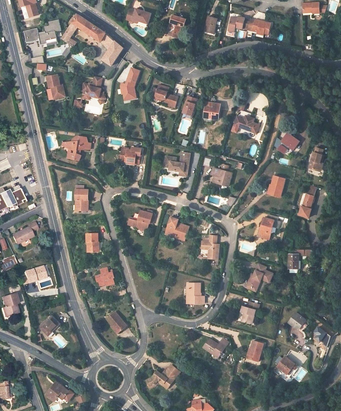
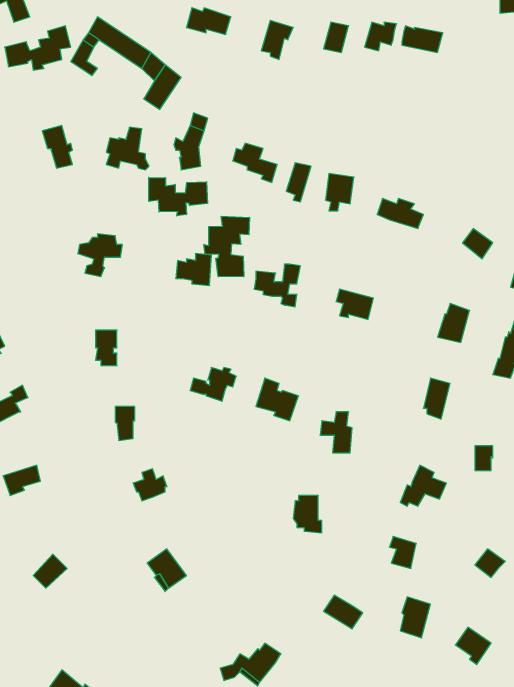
building: none -> [149,177,208,216]
building: none -> [204,216,250,277]

